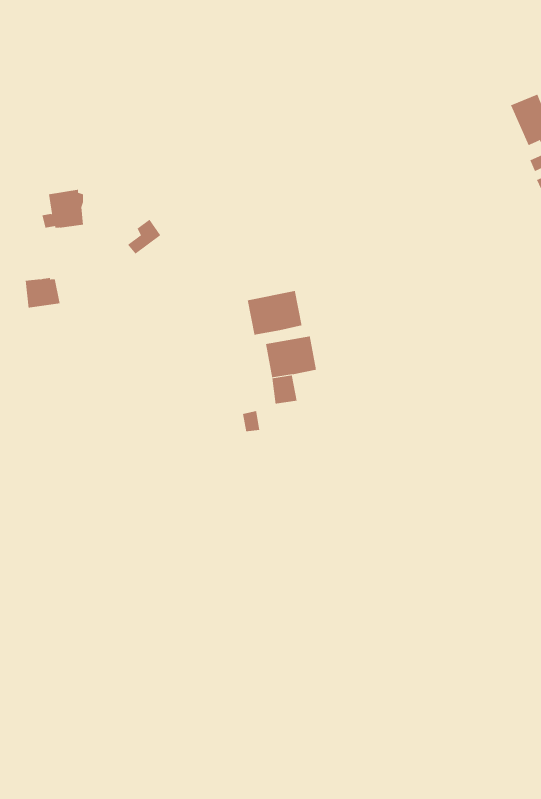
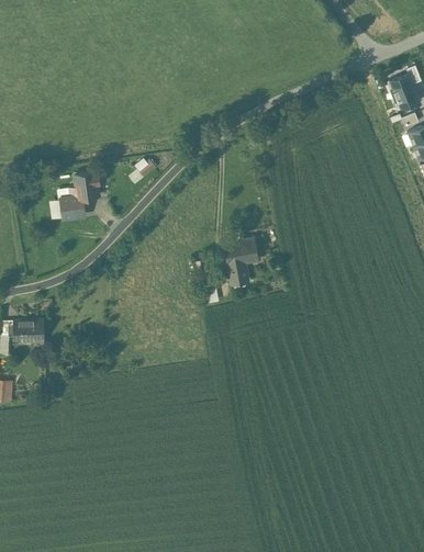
building: [42,189,84,228] -> [69,173,98,200]
building: [247,290,302,336] -> none

